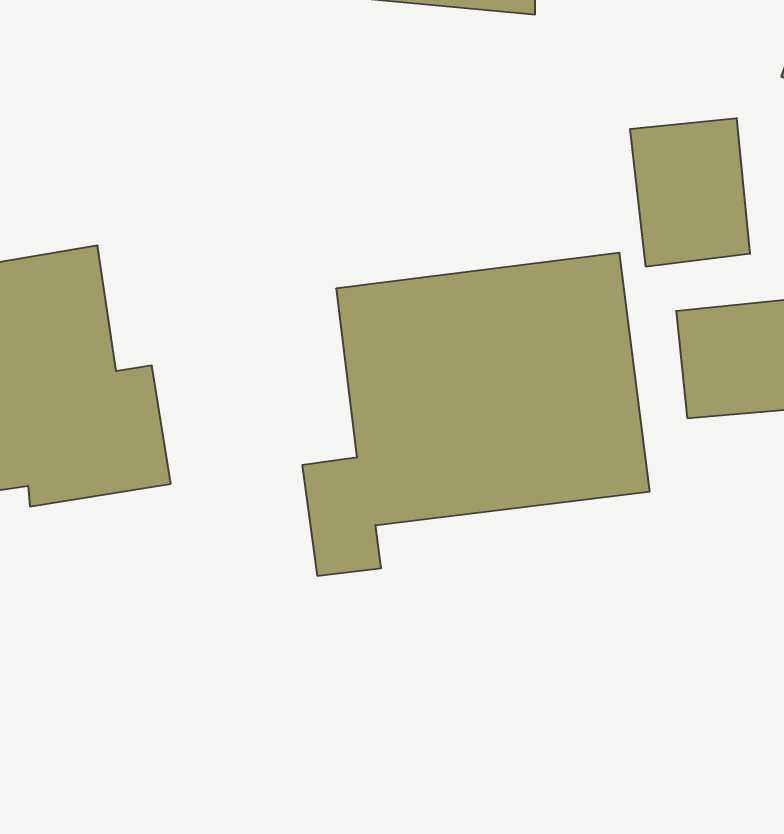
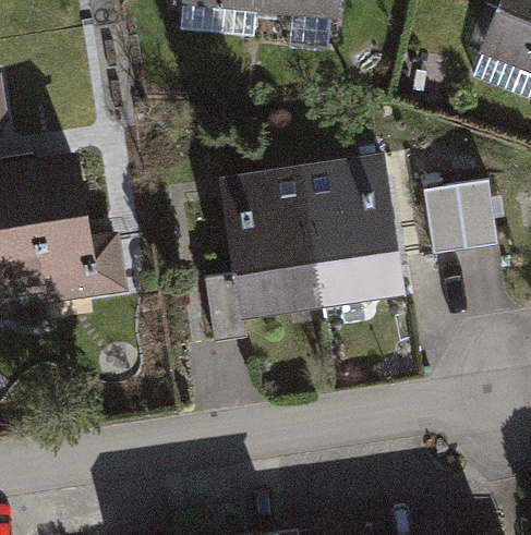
building: [630,118,750,267] -> none

